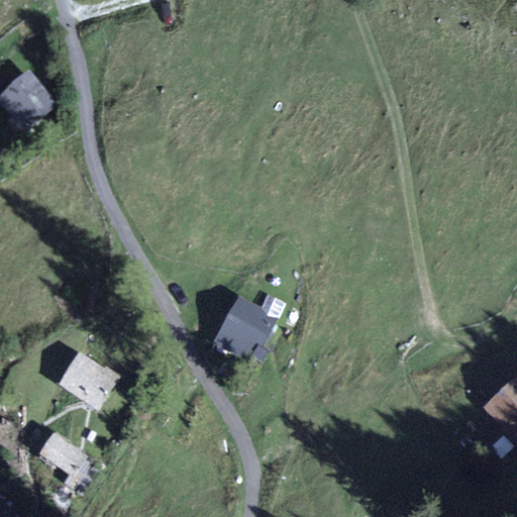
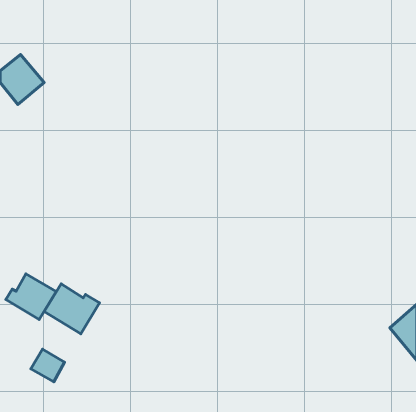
building: [211,293,288,364] -> none
building: none -> [6,274,56,320]

